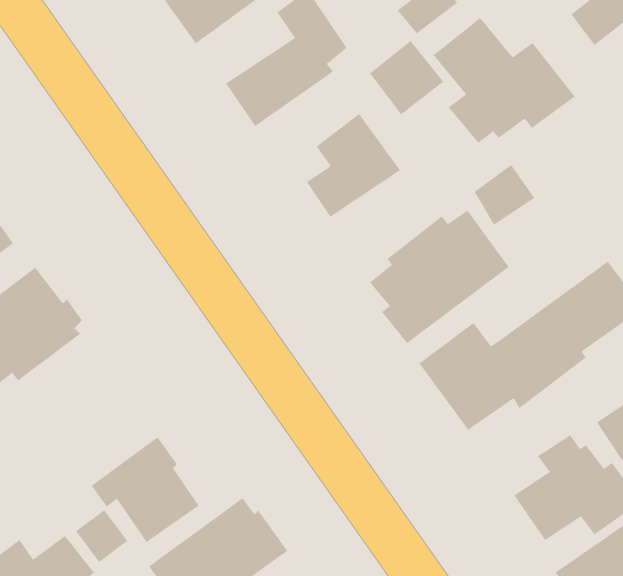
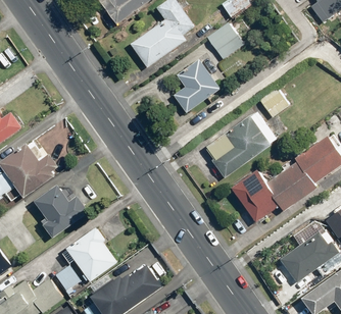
building: [433,17,575,143] -> none
building: none -> [34,182,89,237]

